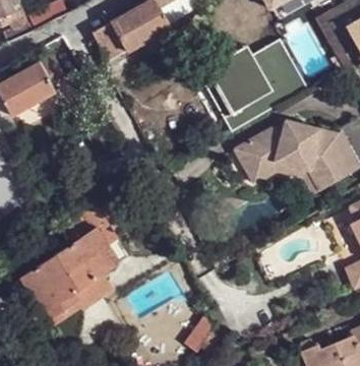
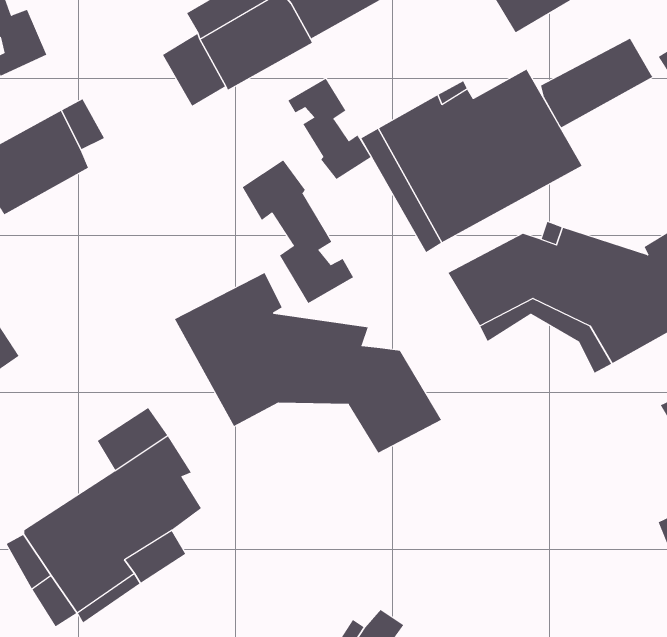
building: none -> [541,38,653,128]
building: none -> [287,78,371,180]
building: none -> [242,160,354,304]
building: none -> [174,272,442,454]

